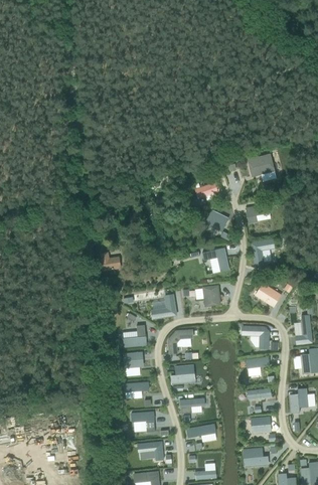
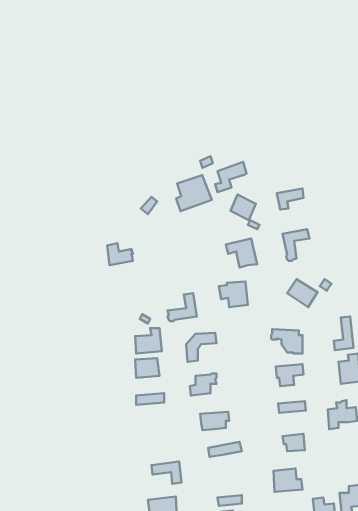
building: [247,153,274,176] -> none
building: none -> [176,175,212,211]
building: [131,412,155,432] -> none

